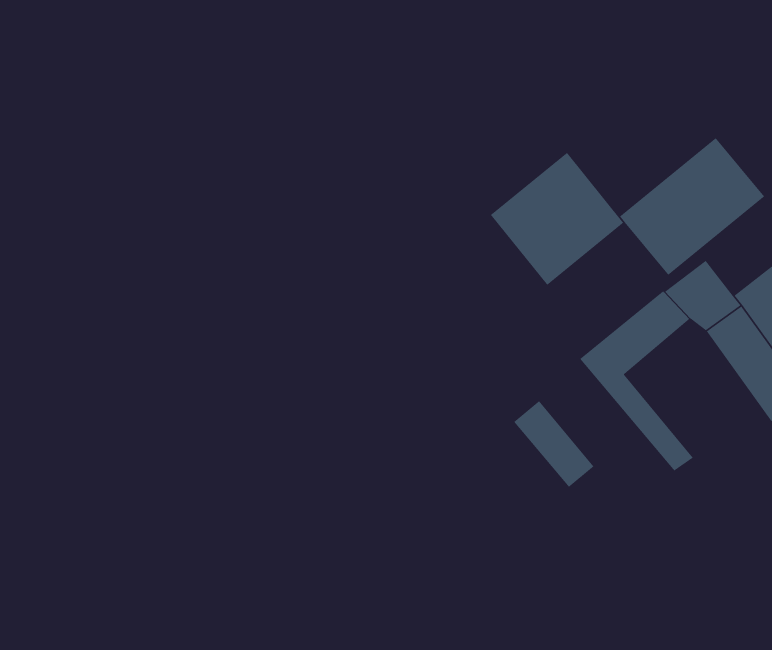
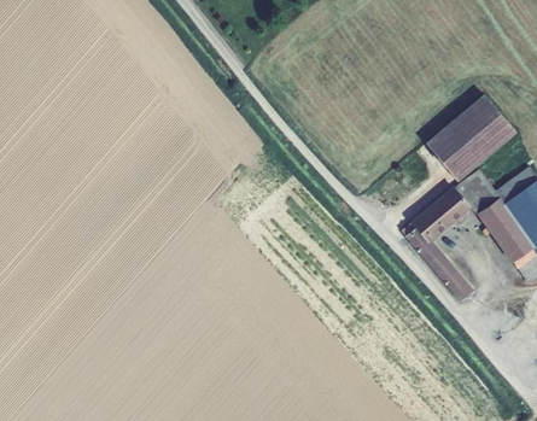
building: [490,152,624,286] -> none
building: [513,400,595,488] -> none

